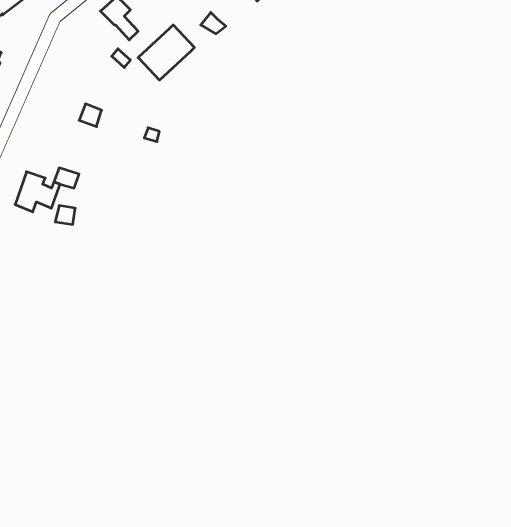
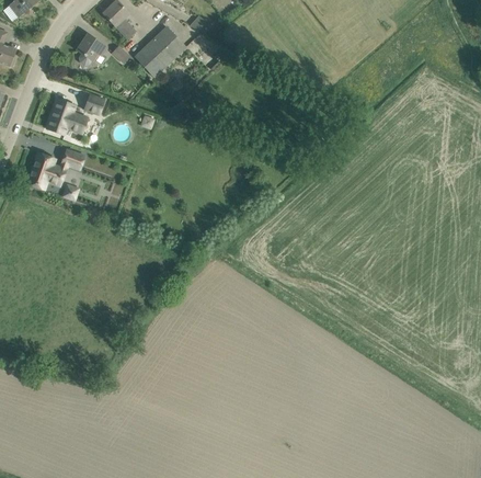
building: none -> [77,34,106,65]
building: none -> [47,99,88,135]

